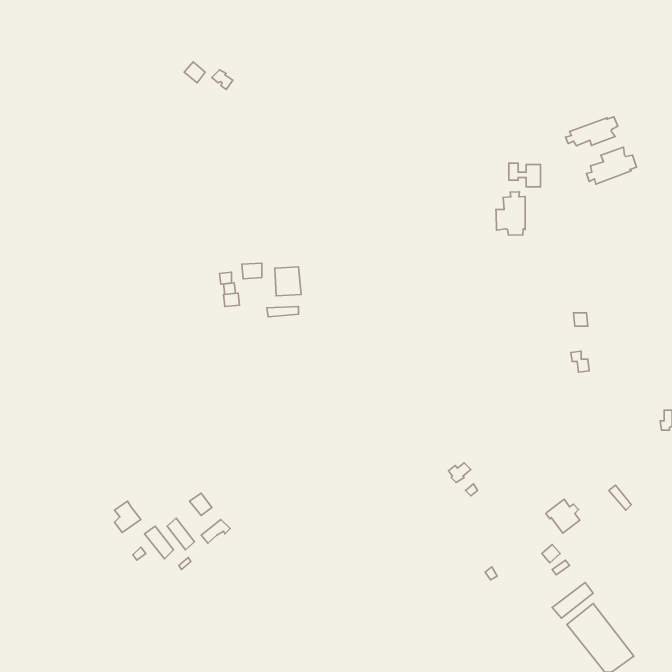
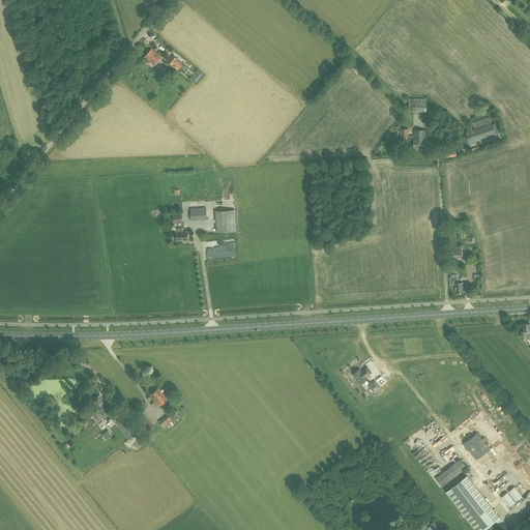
building: [566,117,618,146] -> none
building: [496,192,525,235] -> none
building: [546,499,580,533] -> [463,433,490,460]

